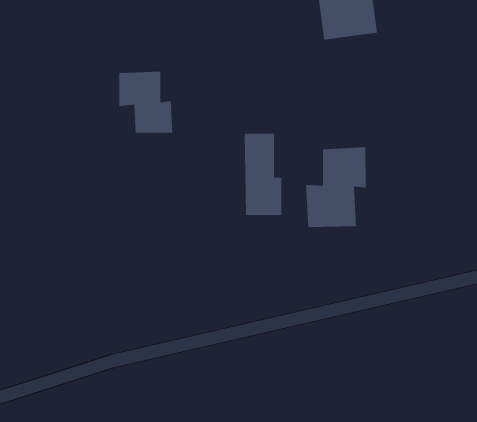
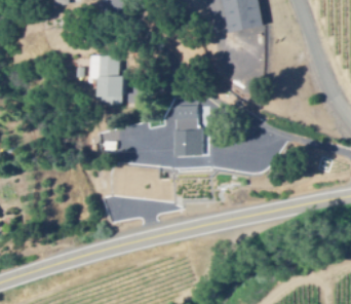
building: [306,146,366,228] -> none

